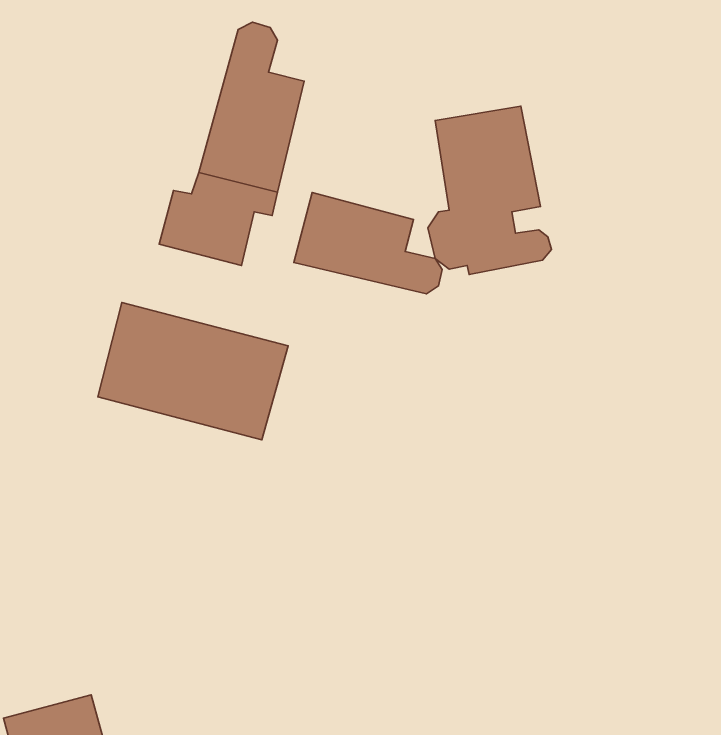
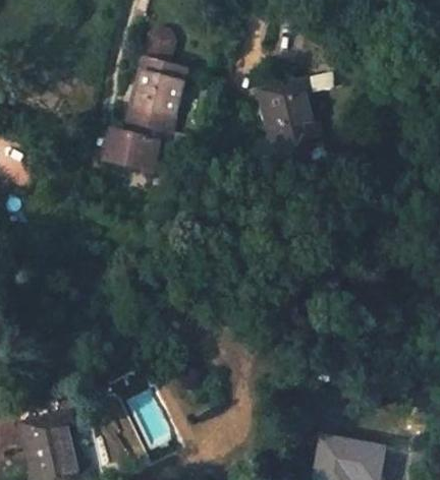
building: [294,192,442,294] -> none
building: [98,303,288,440] -> none

